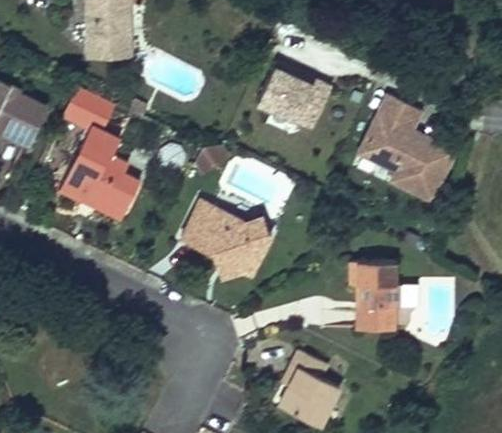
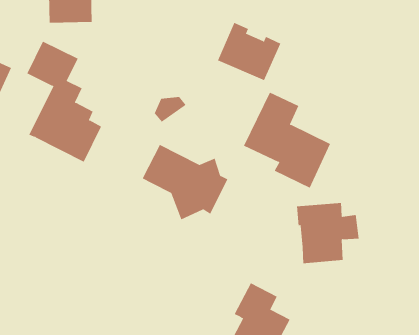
building: [362,94,456,198] -> [243,92,331,188]

